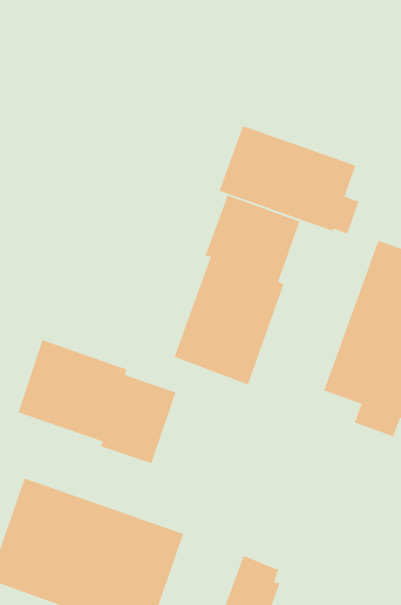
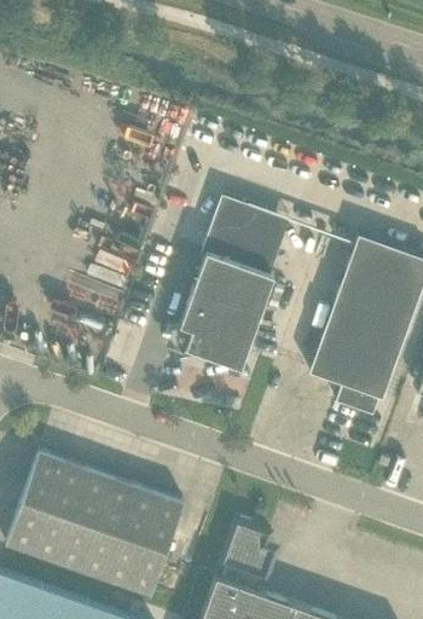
building: [219,125,360,235] -> none
building: [17,339,176,464] -> none

